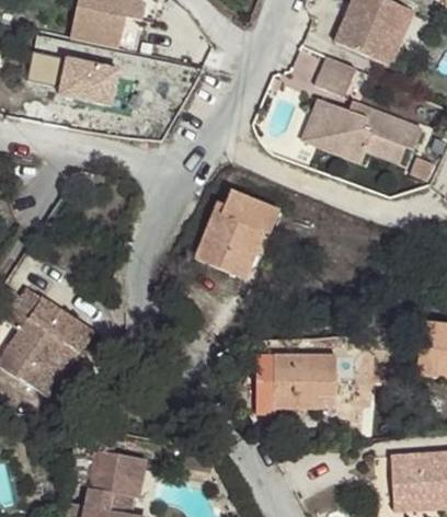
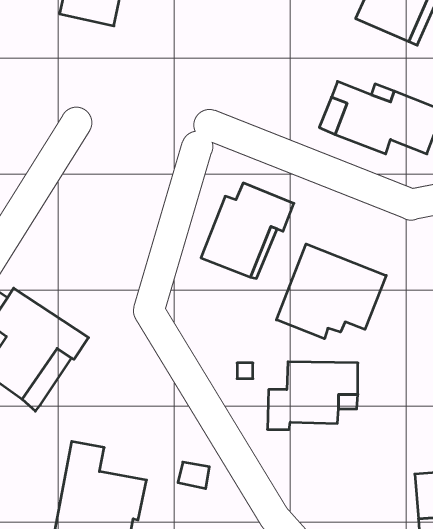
building: [23,47,116,103] -> none
building: [316,56,357,96] -> none
building: none -> [276,244,386,339]

